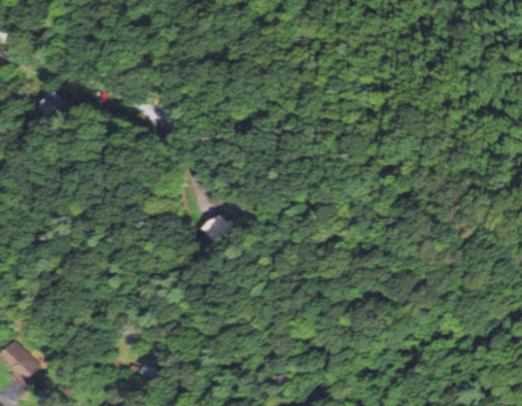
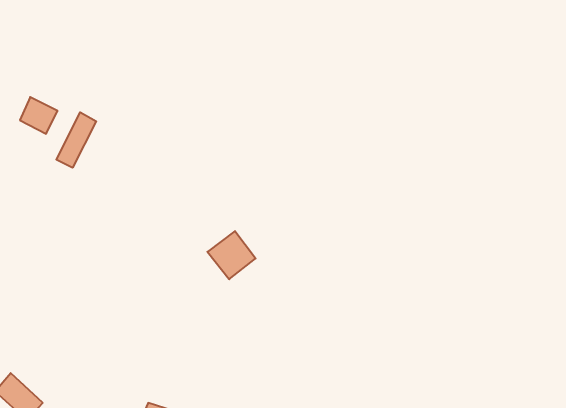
building: none -> [56,112,96,168]

